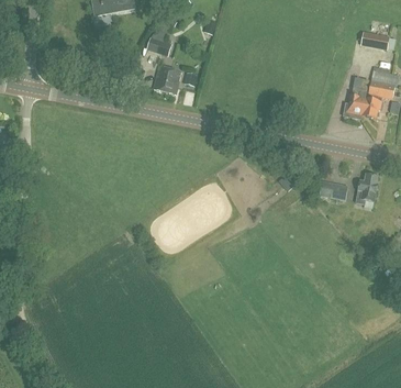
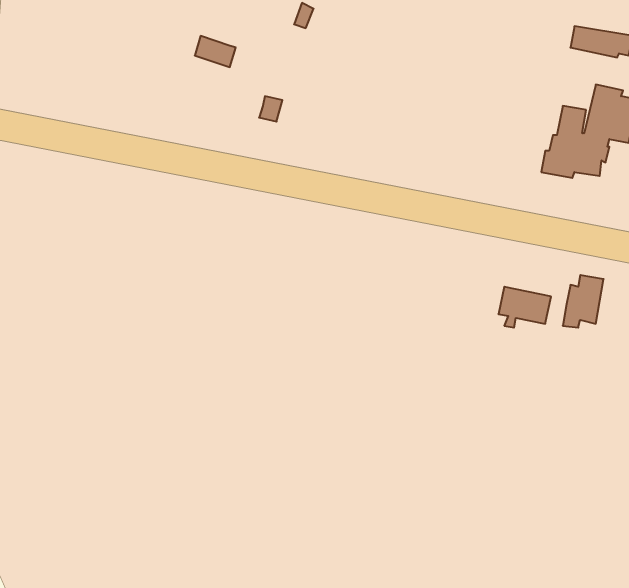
building: [153,65,180,93] -> none

